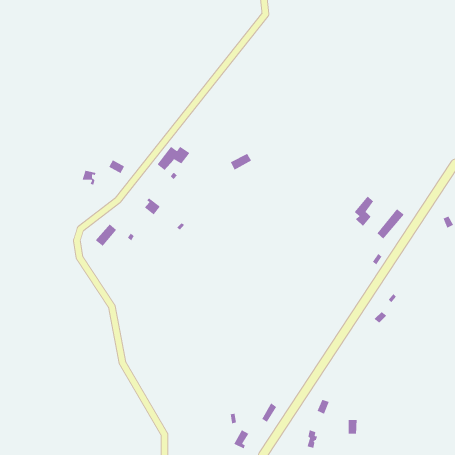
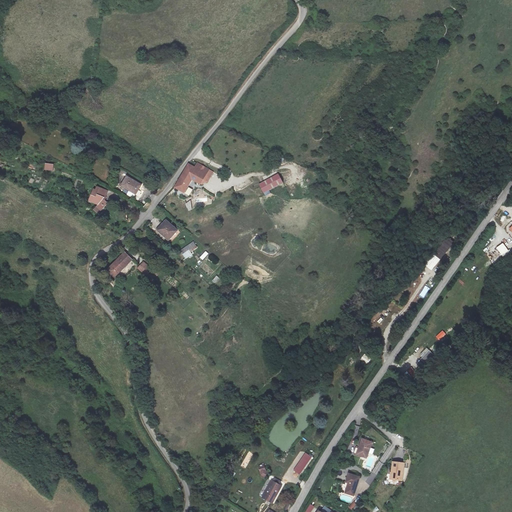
building: [354,196,374,227] -> none

